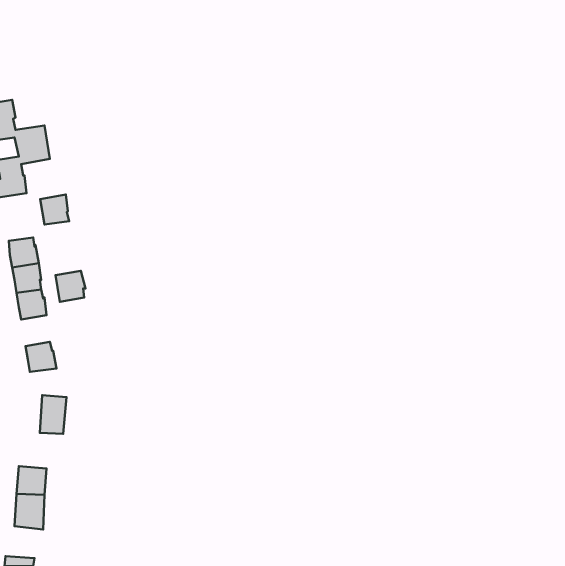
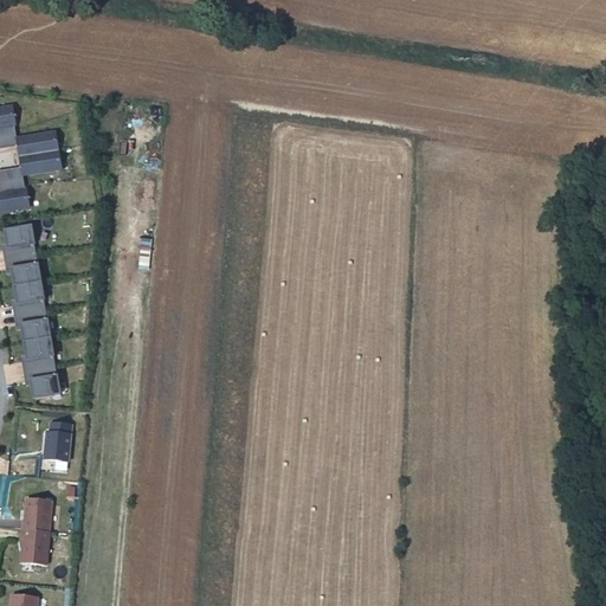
building: [40,195,69,225] -> [5,225,36,257]
building: [55,271,85,302] -> [22,336,54,369]

